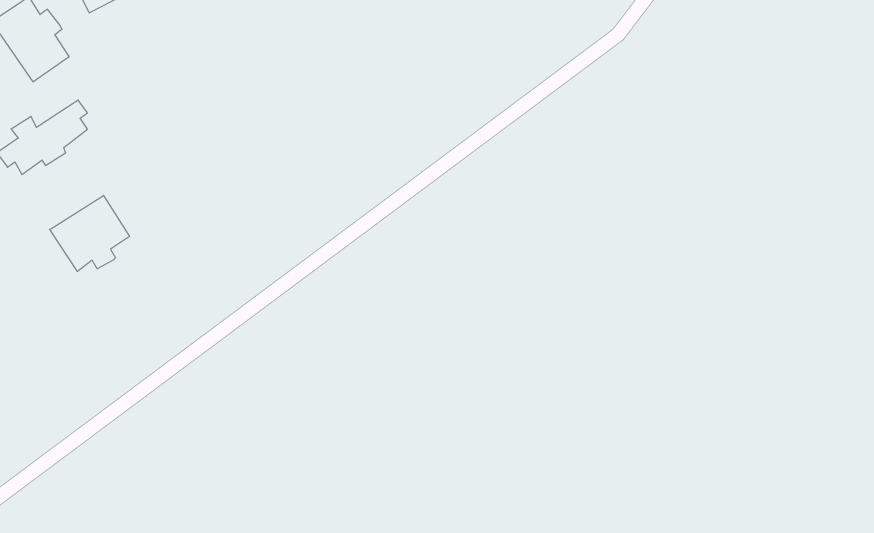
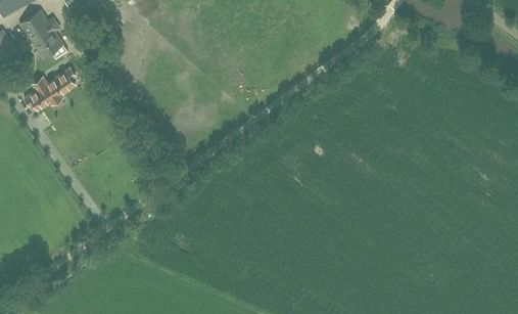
building: [50,195,129,271] -> none

